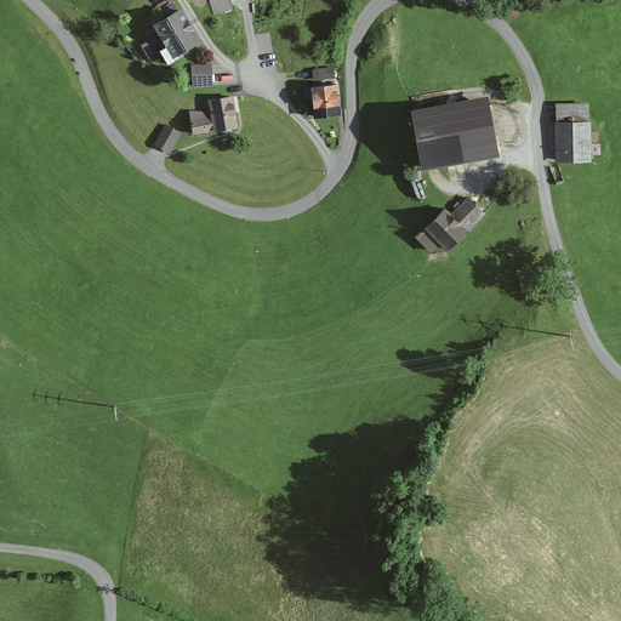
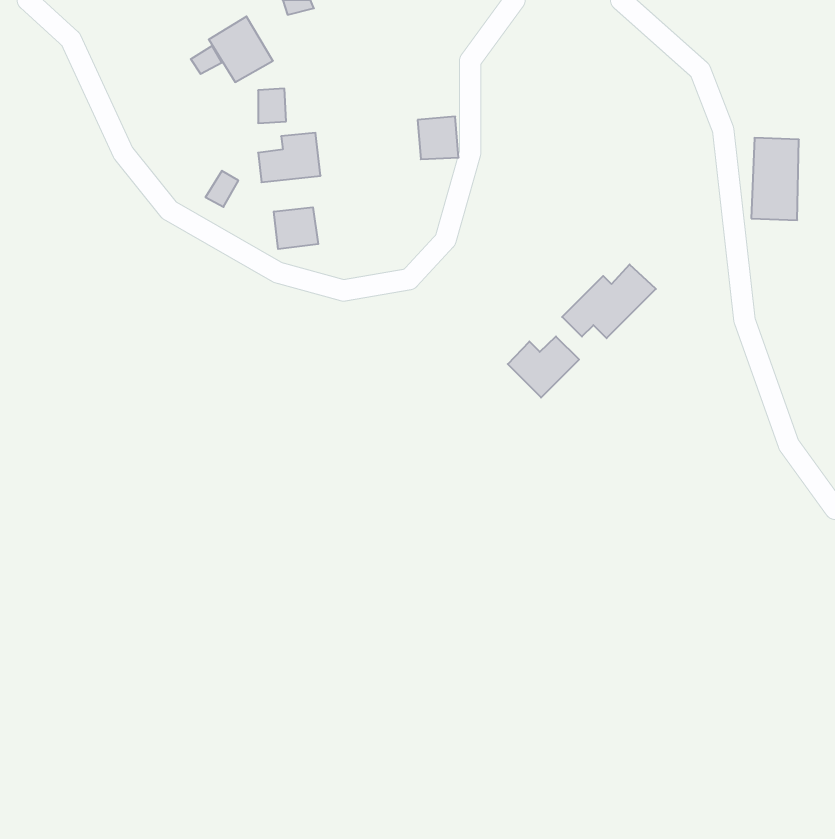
building: [412,97,498,166] -> none
building: none -> [274,207,318,249]
building: none -> [508,336,579,398]

